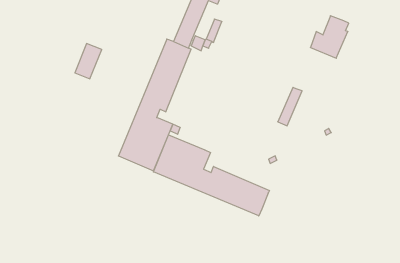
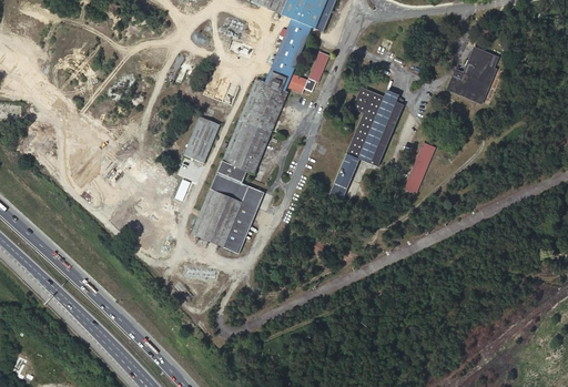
building: [75,44,102,79] -> [184,115,220,162]
building: none -> [329,86,404,198]
building: [153,135,269,216] -> none

